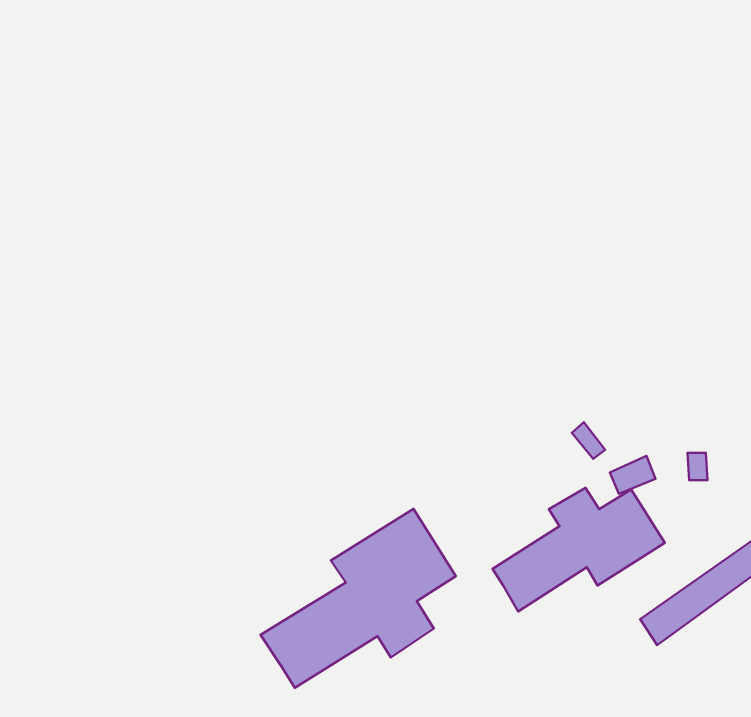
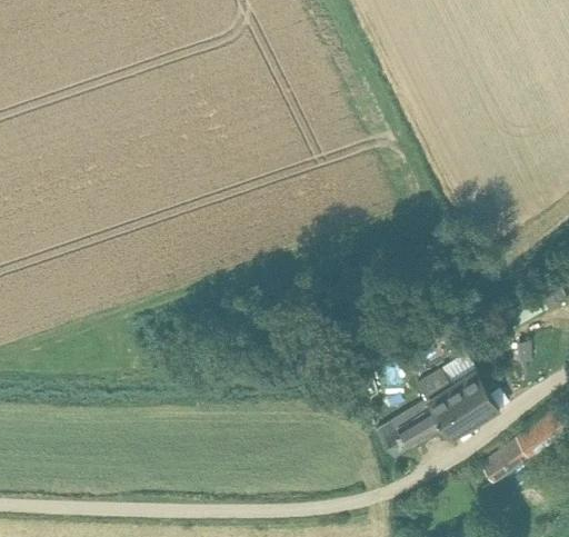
building: [260,509,456,688] -> none

